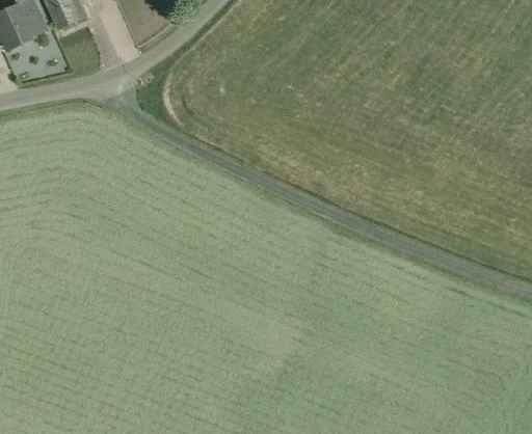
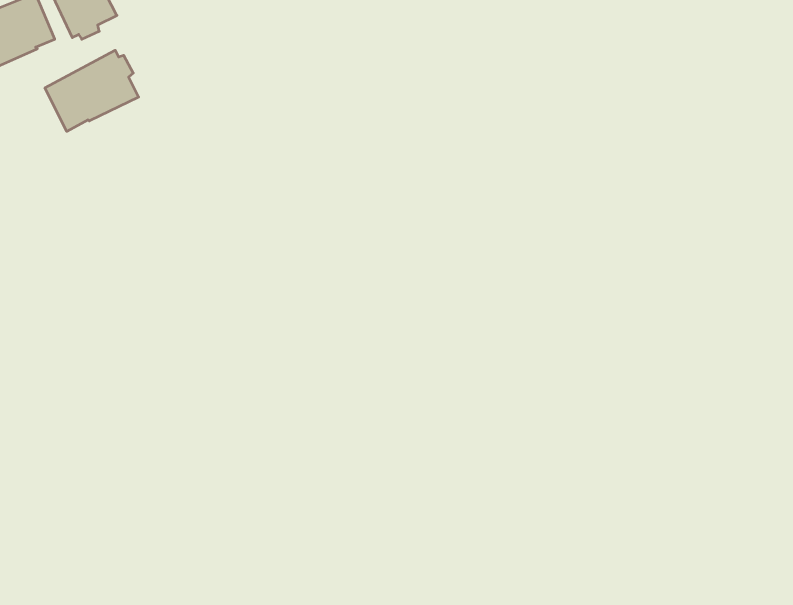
building: none -> [45,50,139,131]

